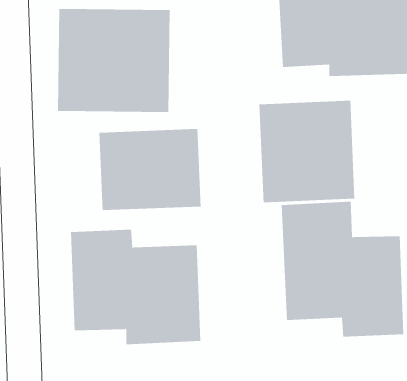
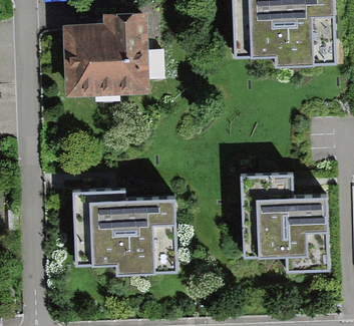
building: [259,100,355,203] -> none
building: [99,128,201,211] -> none

